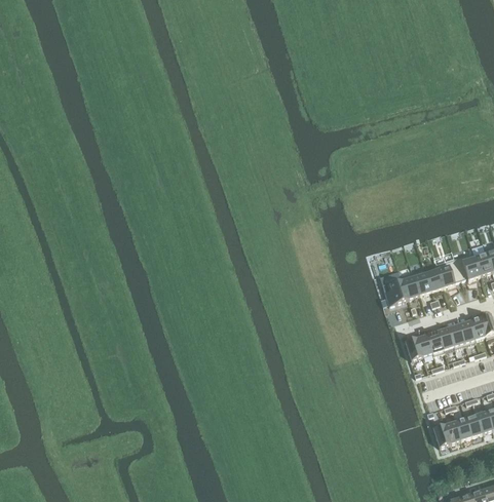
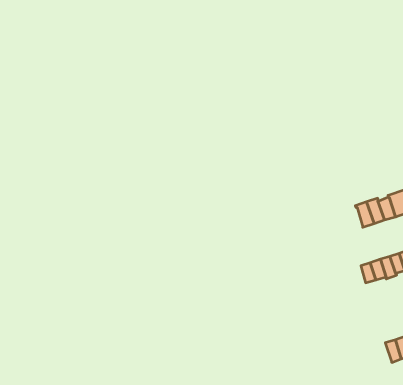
building: [379,277,405,305] -> none

